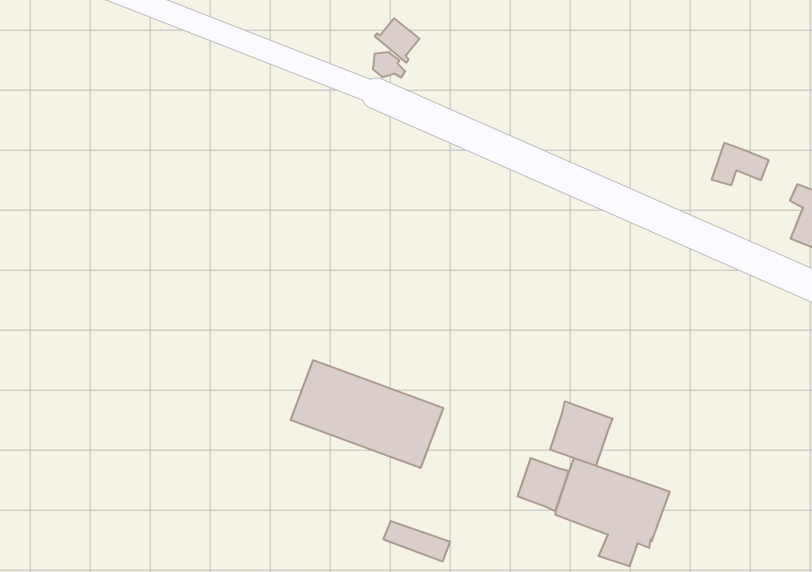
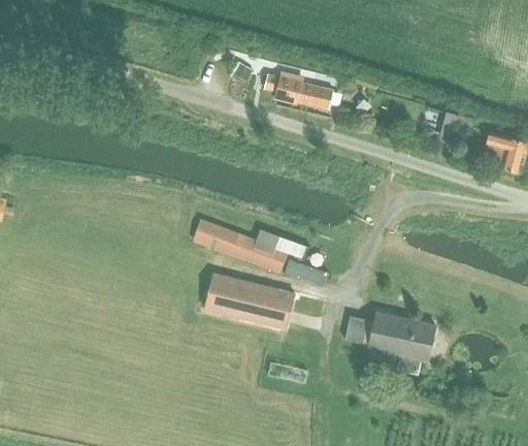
building: none -> [264,75,334,110]
building: none -> [192,221,303,275]
building: [550,401,613,466] -> none

